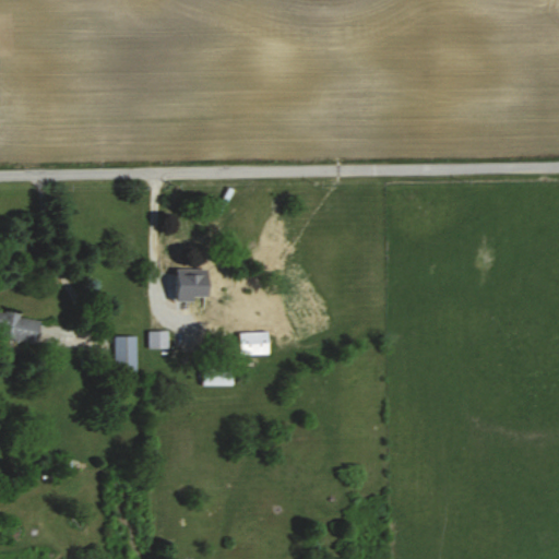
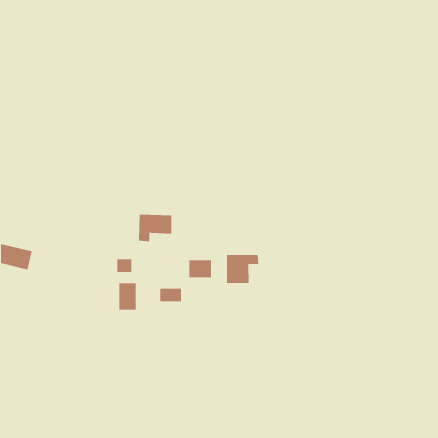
building: none -> [227,254,259,284]
building: [114,336,136,371] -> [118,283,136,310]

